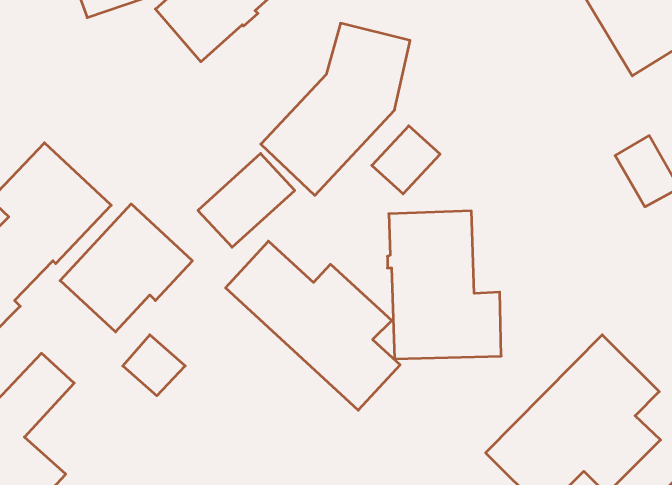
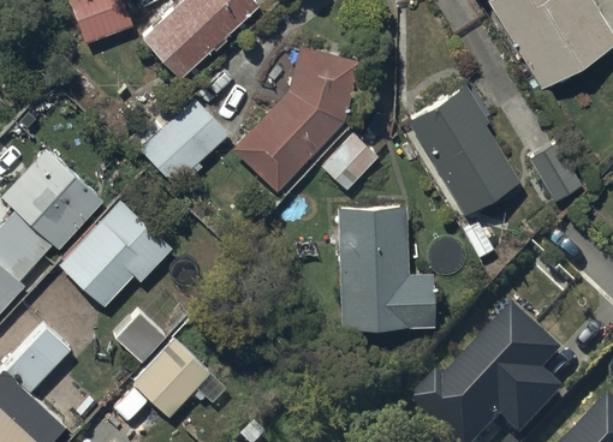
building: none -> [407,84,518,213]
building: [198,153,295,247] -> [144,103,226,183]
building: [226,241,400,410] -> none
building: none -> [133,340,209,417]

